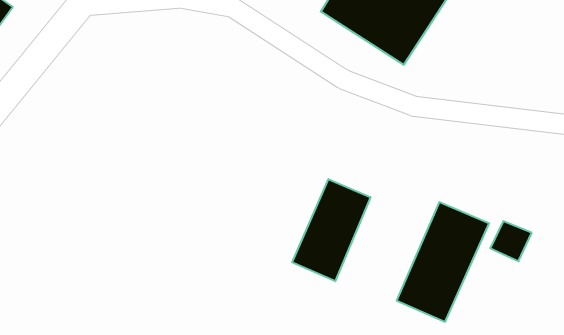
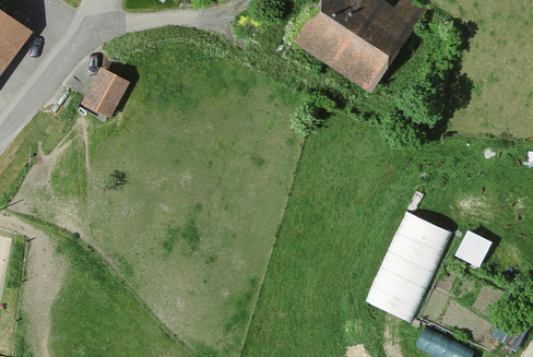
building: none -> [79,64,129,118]
building: [292,179,370,281] -> none

